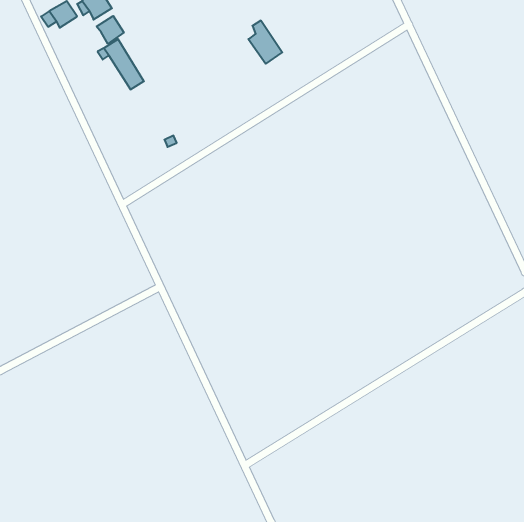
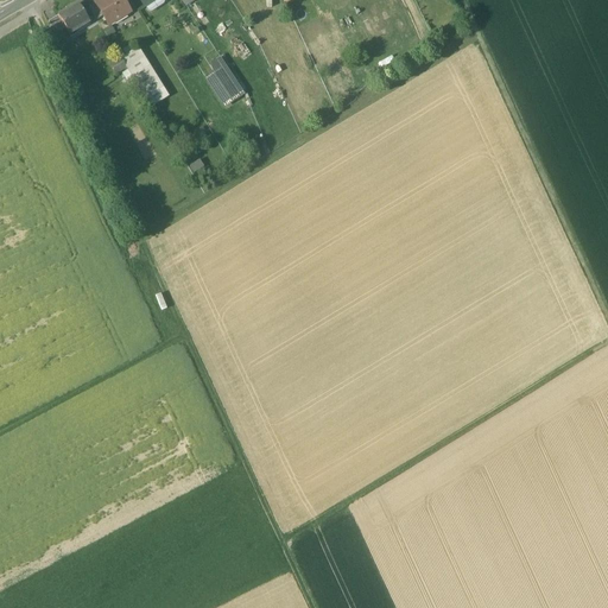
building: [97,16,124,44] -> none
building: [248,21,282,64] -> [205,55,245,104]

